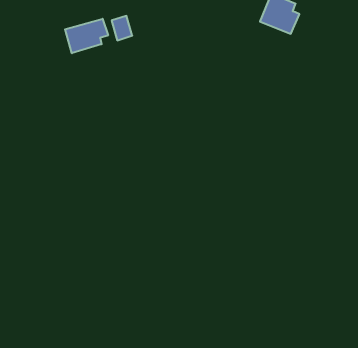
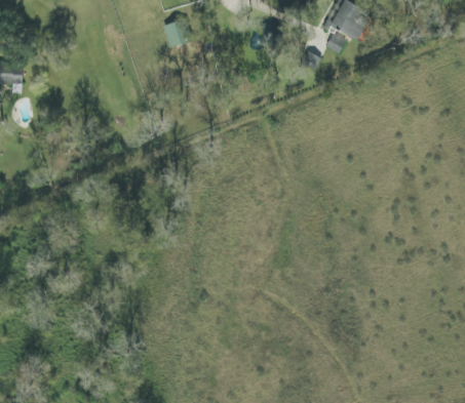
building: [65,19,108,53] -> none

